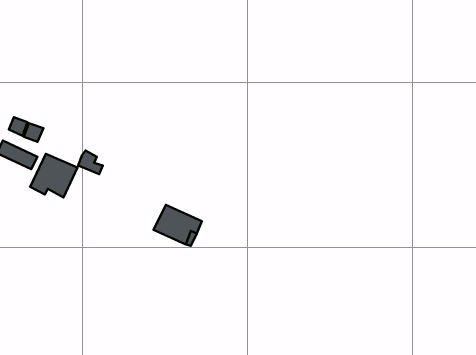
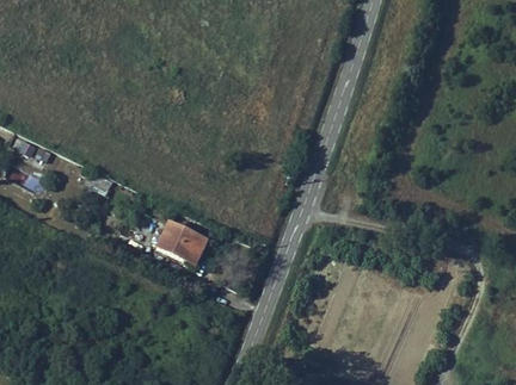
building: [30,154,77,198] -> none

